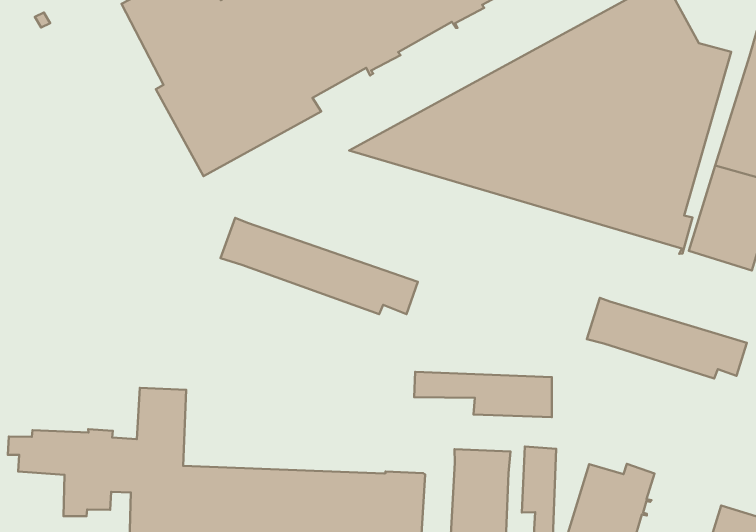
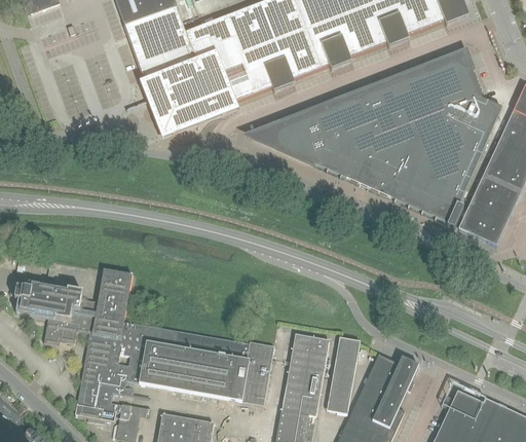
building: [220,218,418,314] -> none
building: [587,298,747,379] -> none
building: [414,372,552,417] -> none

